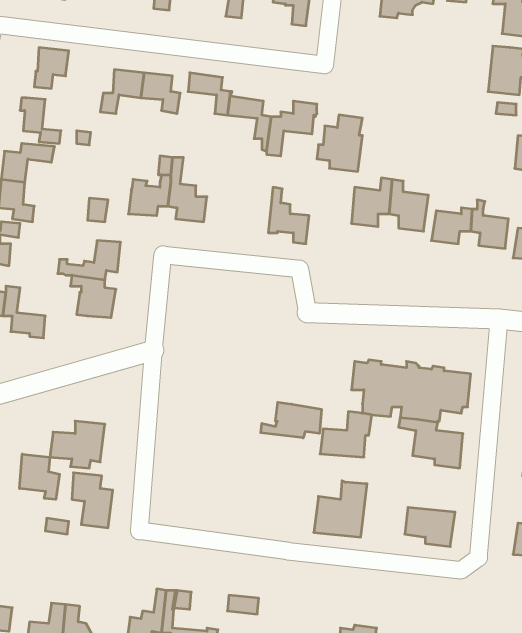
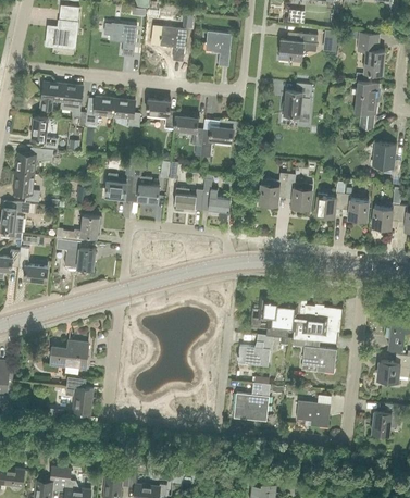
building: none -> [60,84,87,126]
building: [317,115,362,171] -> [281,83,312,122]
building: none -> [173,187,203,211]
building: [261,402,321,438] -> none
building: [20,454,60,499] -> none

